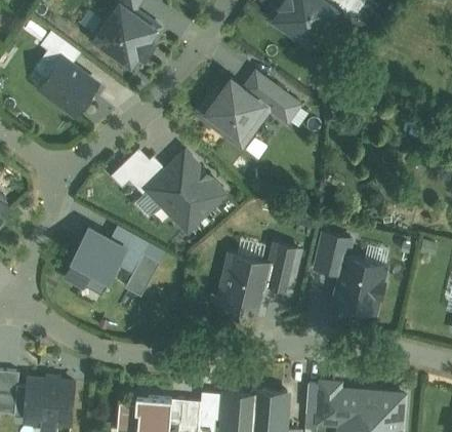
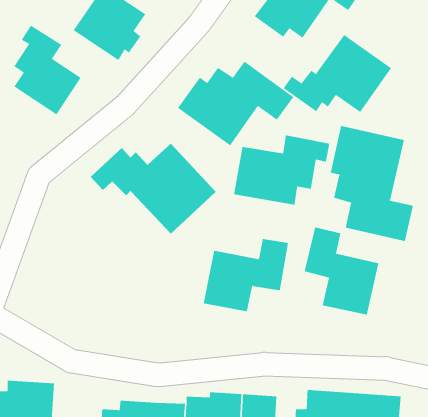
building: none -> [283,34,392,113]
building: none -> [330,125,413,242]
building: none -> [234,134,330,206]
building: [60,223,161,302] -> none

